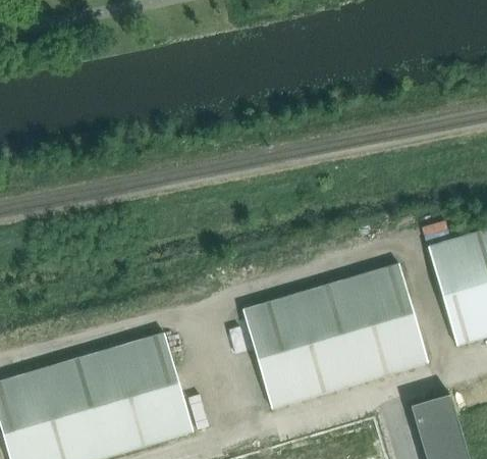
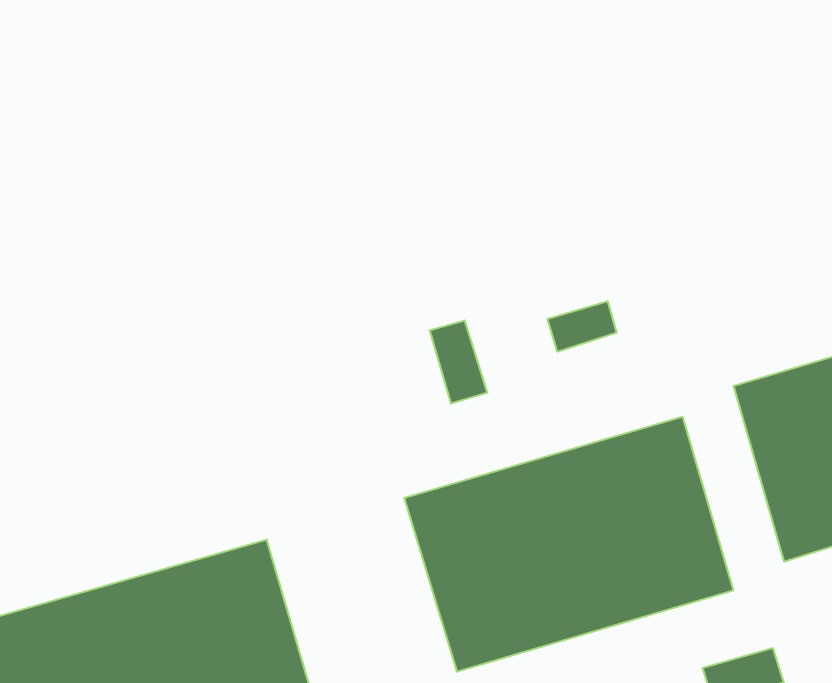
building: none -> [548,301,617,352]
building: none -> [430,320,487,404]

